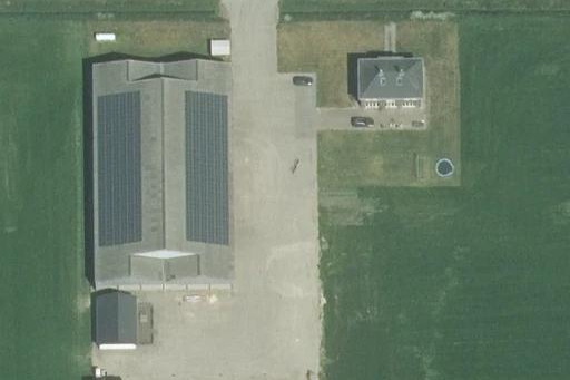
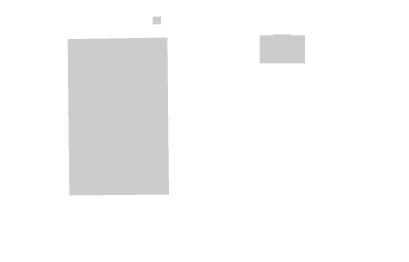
building: [94,295,137,341] -> none

